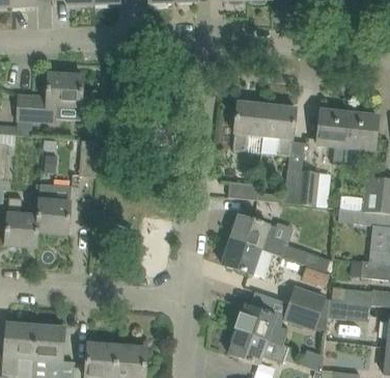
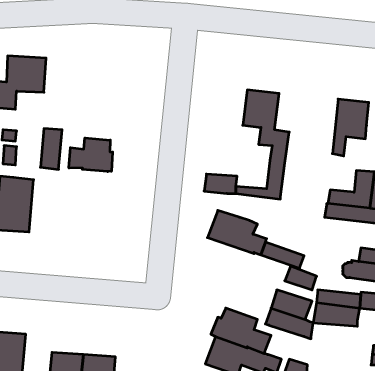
building: [232,101,267,151] -> none
building: [316,110,350,162] -> none
building: none -> [69,138,113,172]
building: [297,170,316,205] -> none
building: [222,239,273,276] -> none

